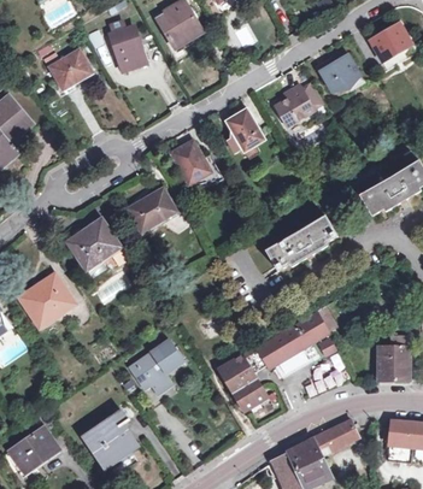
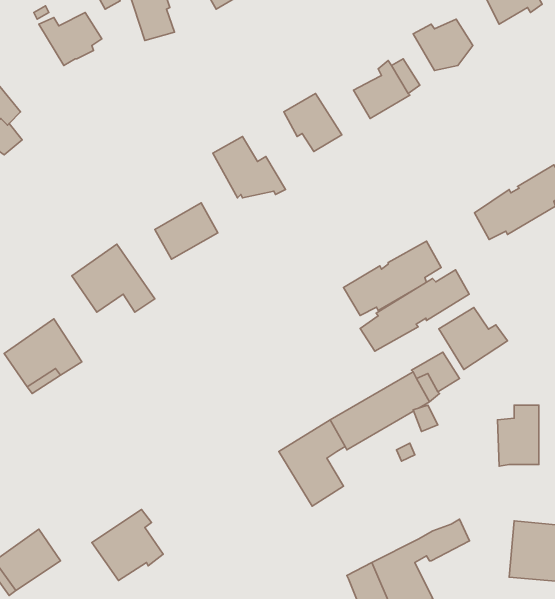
building: none -> [360,270,469,351]
building: none -> [439,307,508,369]
building: [130,340,183,410] -> none

